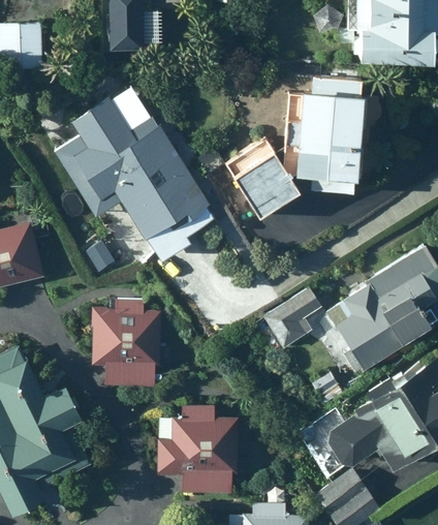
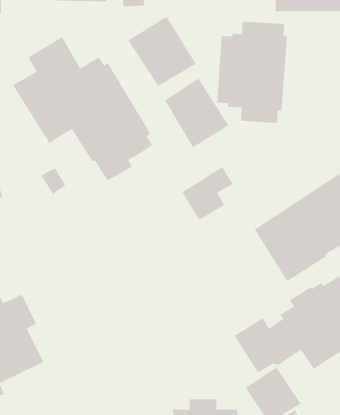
building: none -> [127,16,196,87]
building: [263,288,322,349] -> [181,166,234,220]
building: [92,300,161,385] -> none
building: [158,406,239,493] -> none

